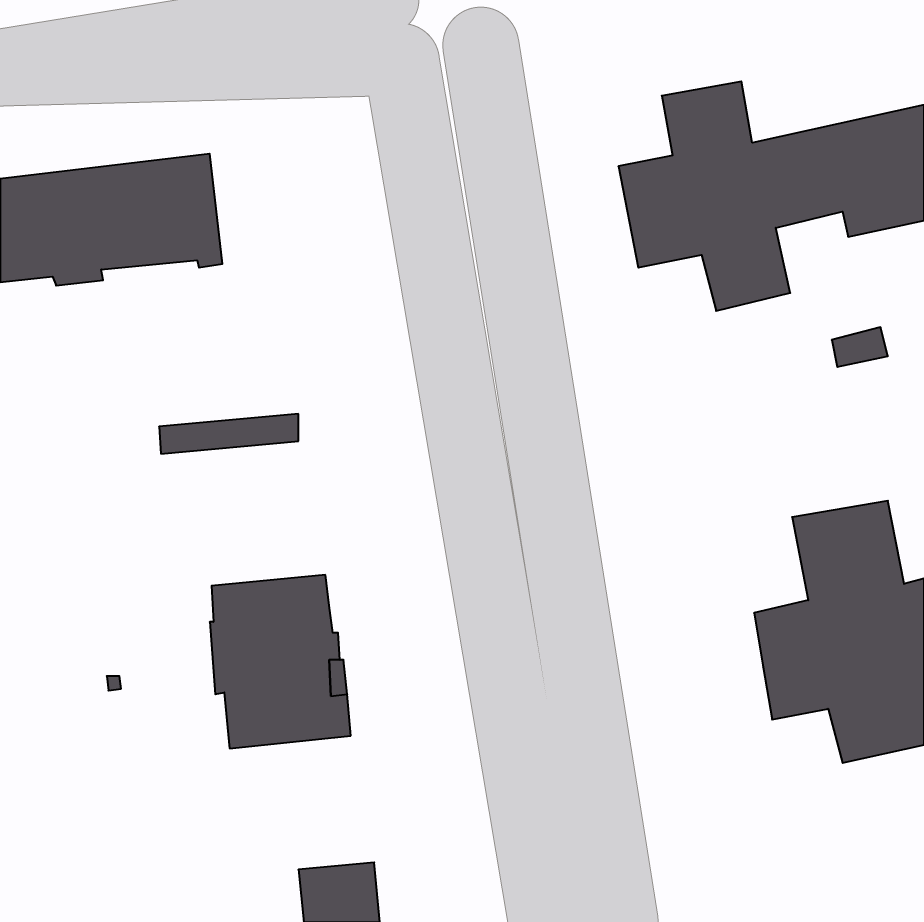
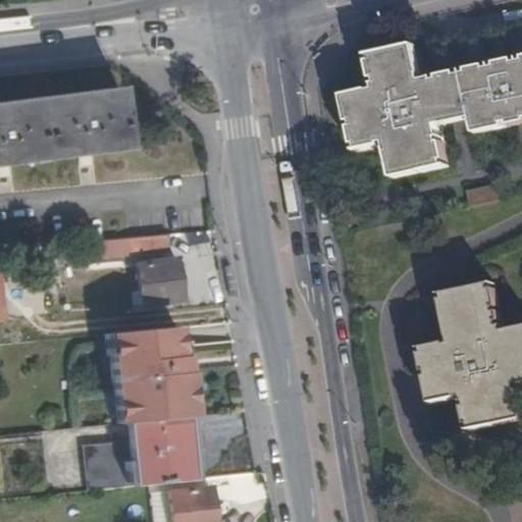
building: none -> [136,258,181,304]
building: none -> [84,416,200,488]

